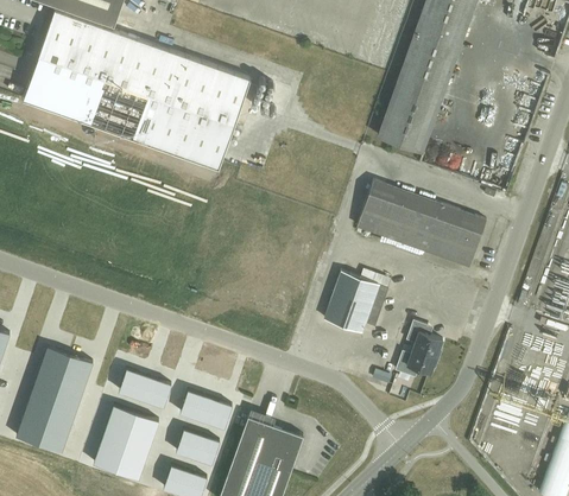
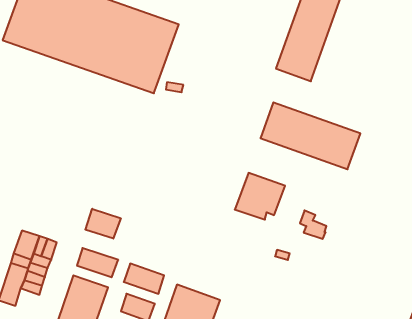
building: none -> [85,209,121,239]
building: [396,349,437,375] -> none
building: [39,421,70,452] -> none

